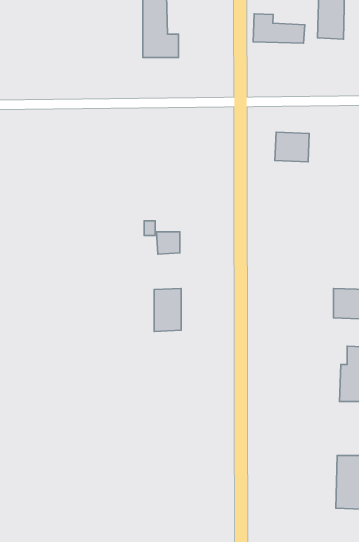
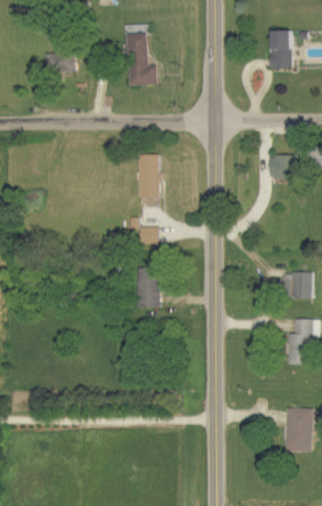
building: [253,14,305,43] -> none
building: none -> [45,52,74,71]
building: [275,132,309,162] -> [269,155,297,179]
building: none -> [138,154,159,197]

